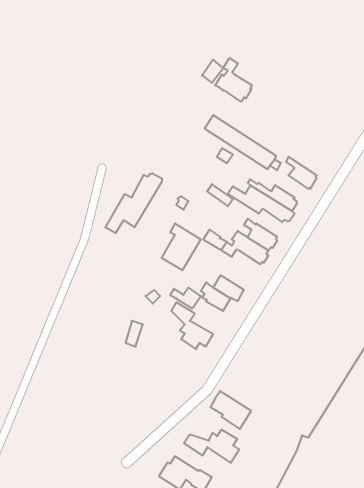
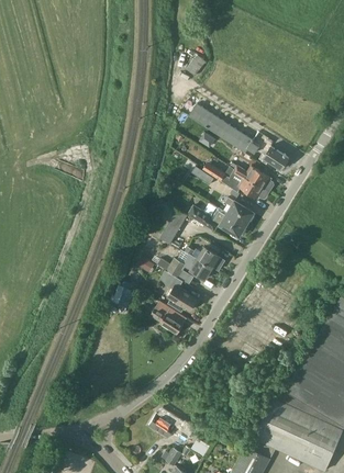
building: [215,58,252,102] -> none
building: [105,173,162,233] -> none
building: [210,391,251,429] -> [151,301,187,335]
building: [184,430,239,463] -> none

